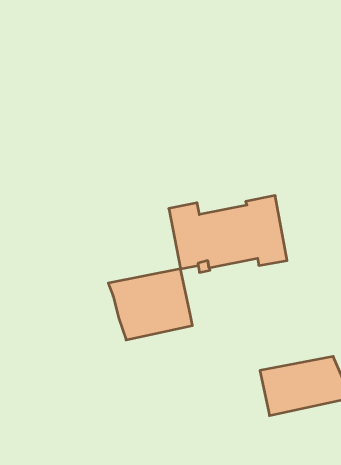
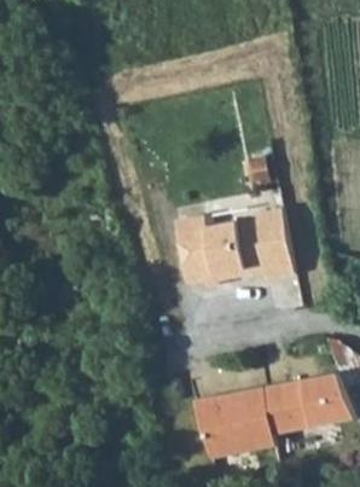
building: [108,269,192,340] -> [193,387,279,459]

